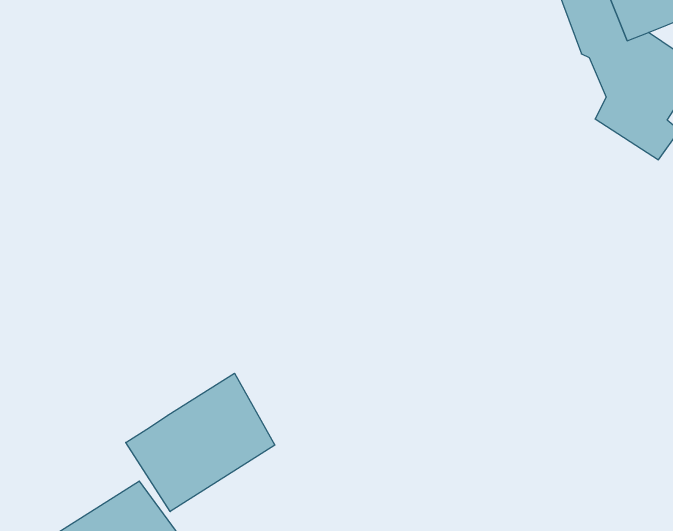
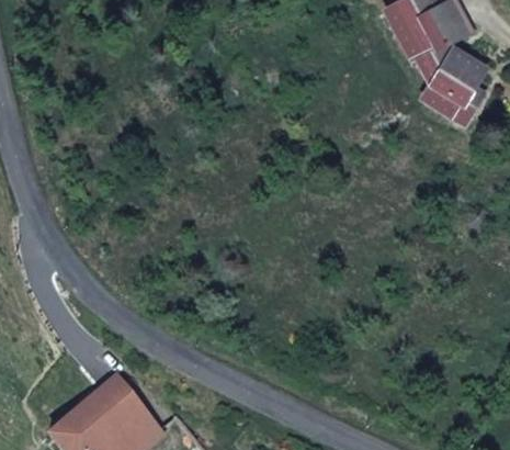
building: [126,373,275,512] -> none

